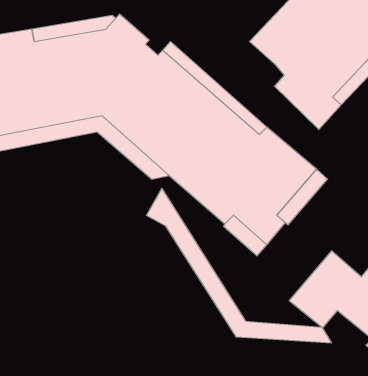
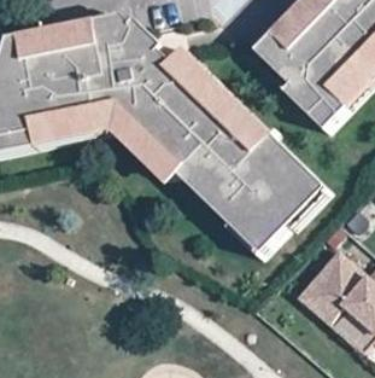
building: [147,188,331,343] -> none

